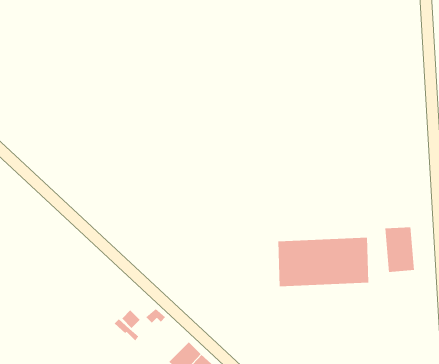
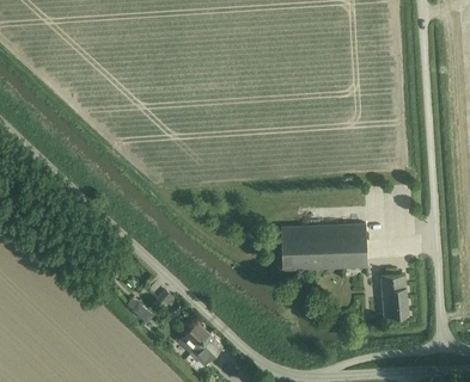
building: [384,227,415,273] -> [379,275,408,318]

